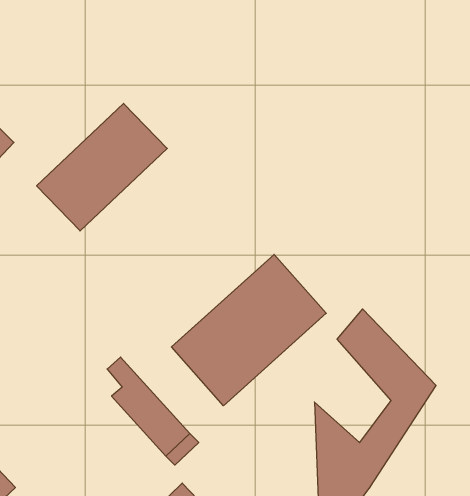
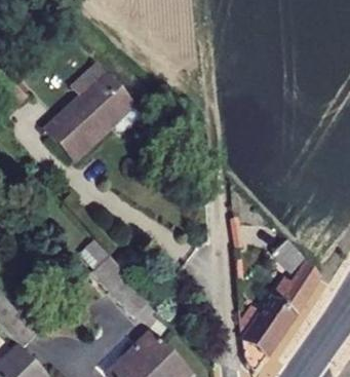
building: [171,254,326,406] -> none

